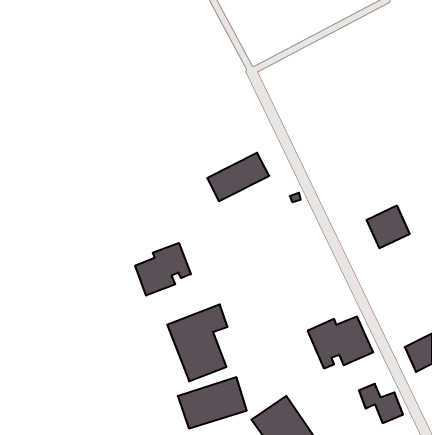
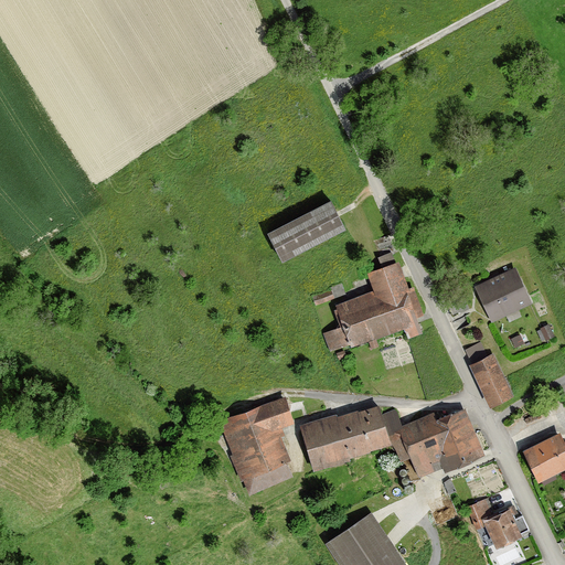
building: none -> [320,260,423,354]
building: [135,243,191,296] -> none
building: none -> [468,354,513,408]
building: [178,377,247,428] -> [300,405,390,471]

